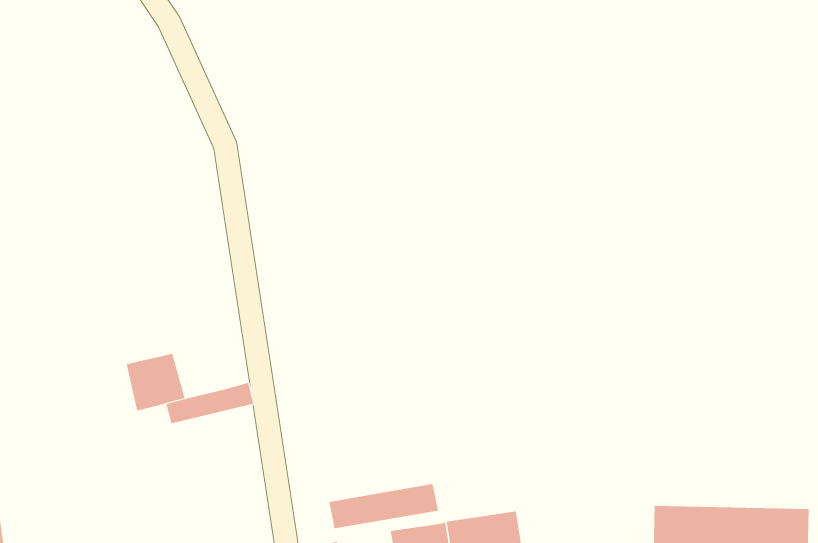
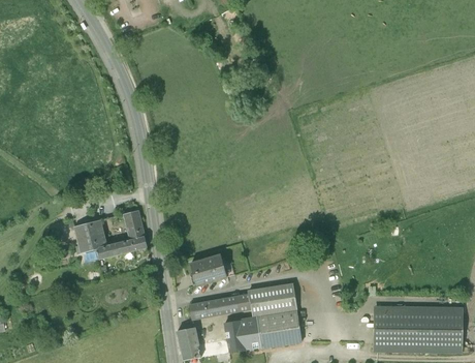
building: none -> [123,210,144,240]
building: none -> [190,254,227,288]
building: none -> [249,283,296,316]

